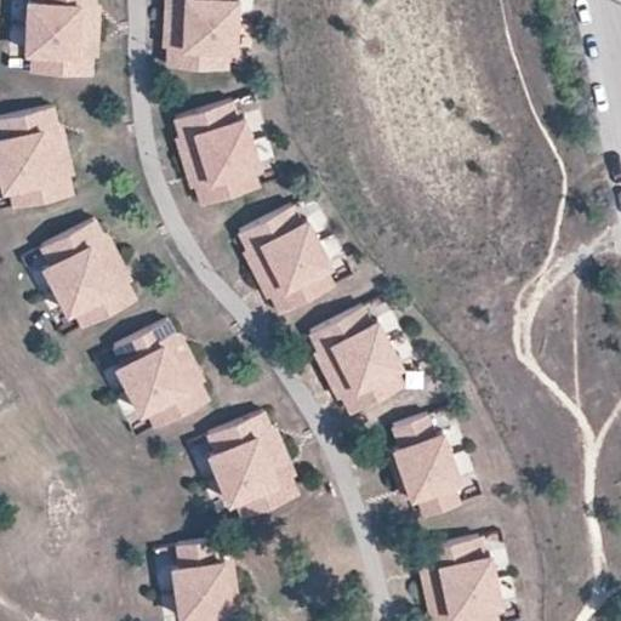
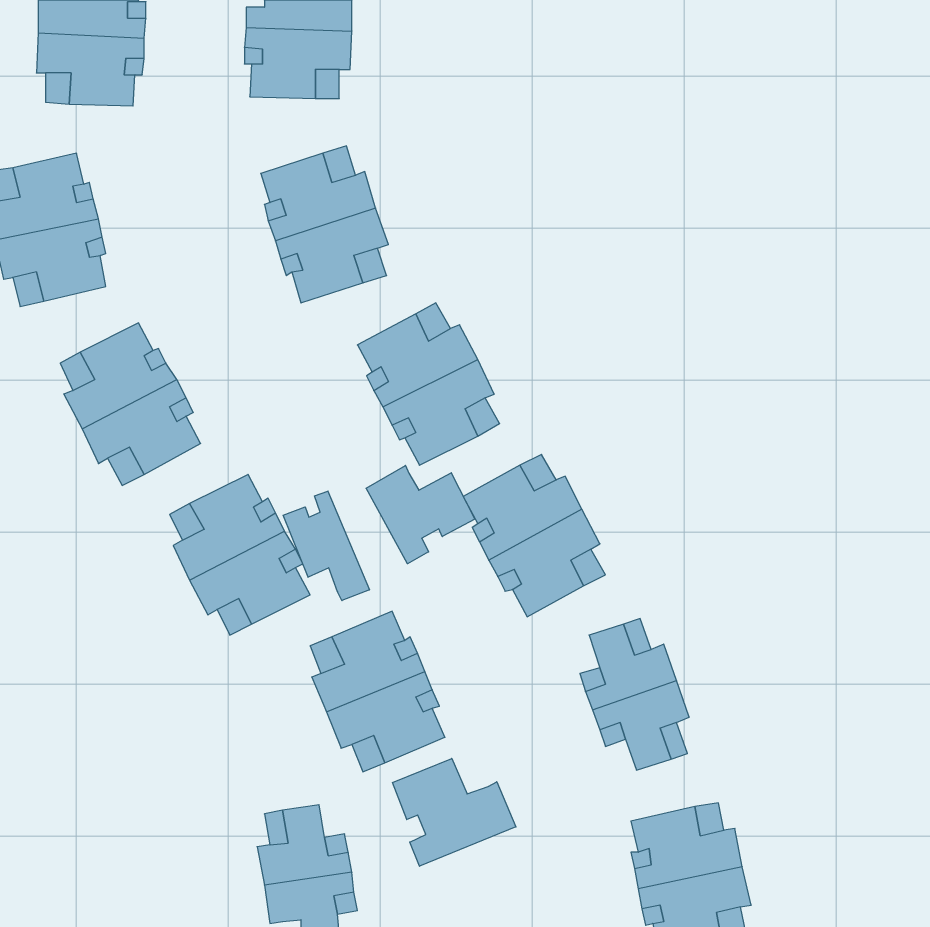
building: none -> [366,465,475,564]
building: none -> [283,491,369,601]
building: none -> [392,758,516,866]

